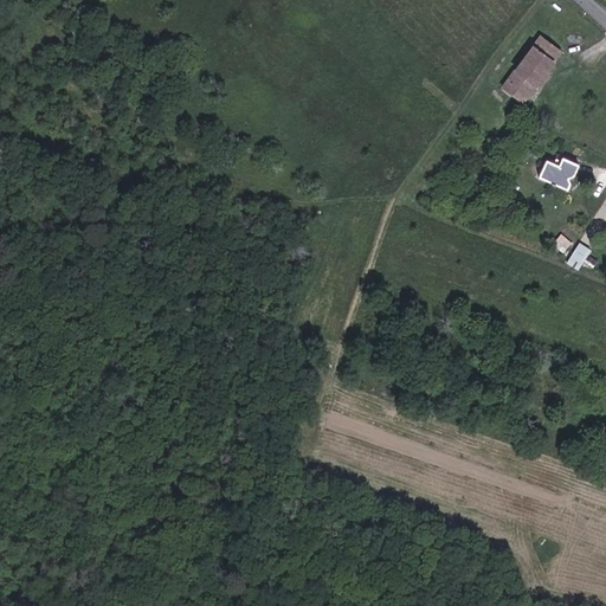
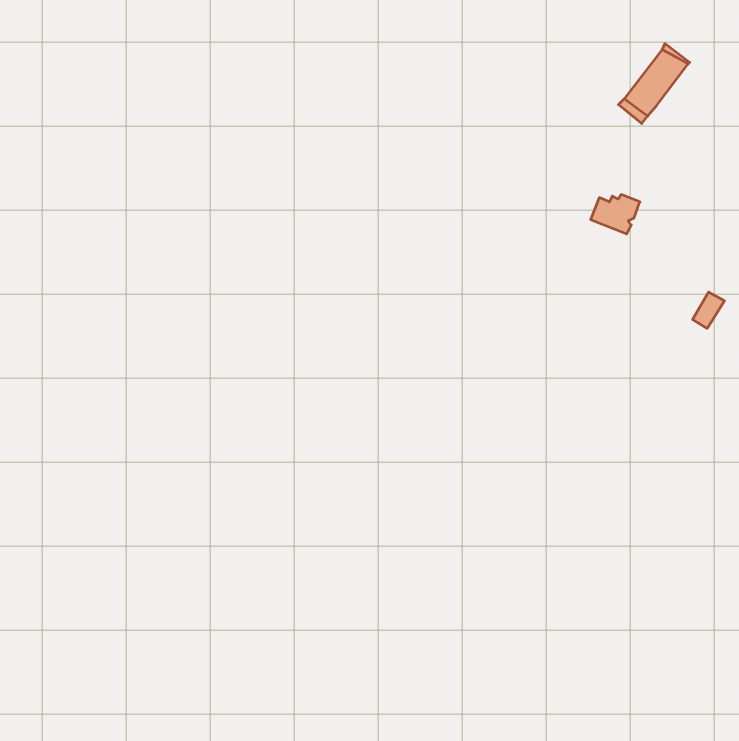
building: [536,157,576,189] -> [591,195,640,234]

